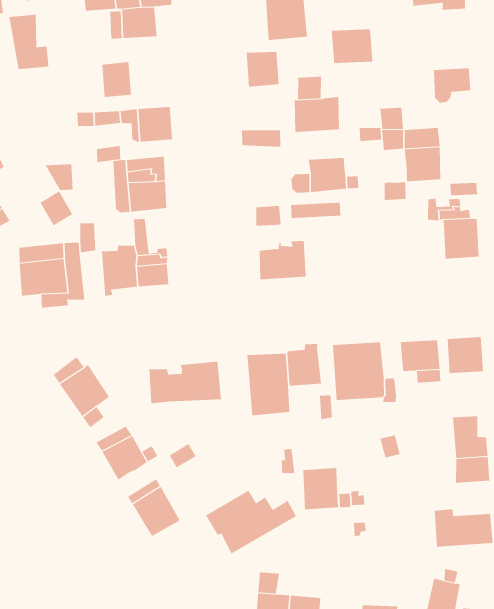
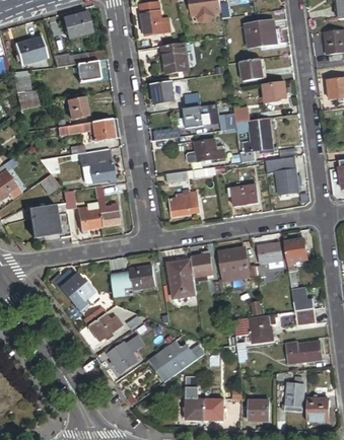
building: [331,29,373,64] -> [238,59,265,81]
building: none -> [231,185,258,207]
building: [302,468,339,510] -> [250,316,273,343]

